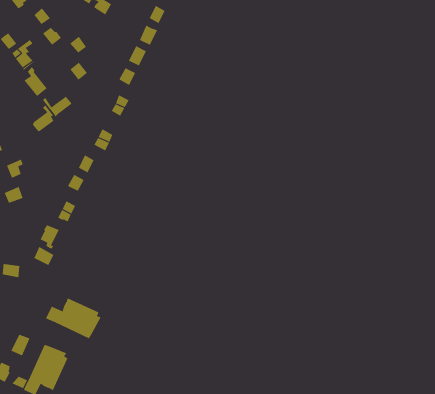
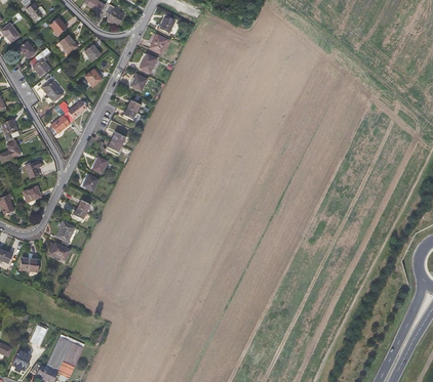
building: [46,297,101,339] -> none

